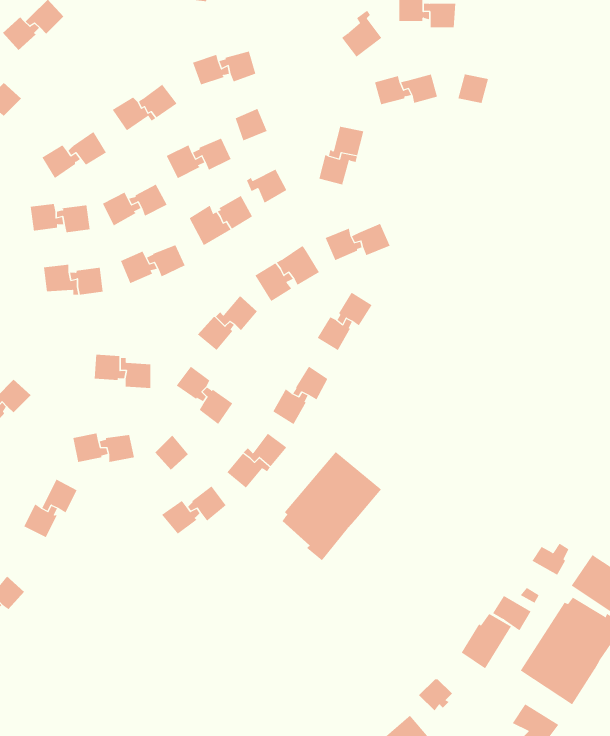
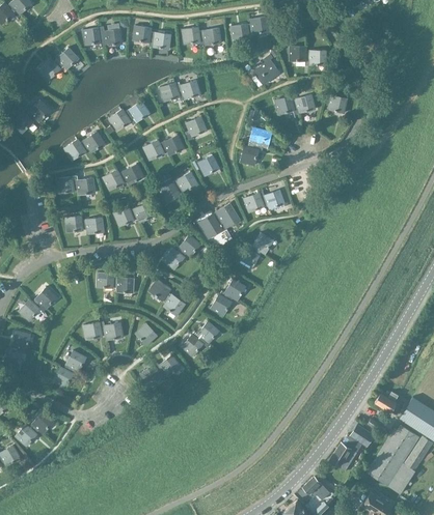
building: [282,451,382,561] -> none

